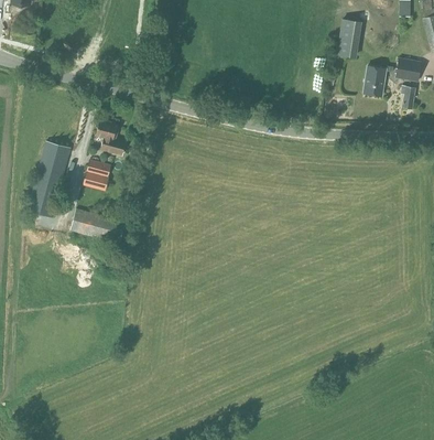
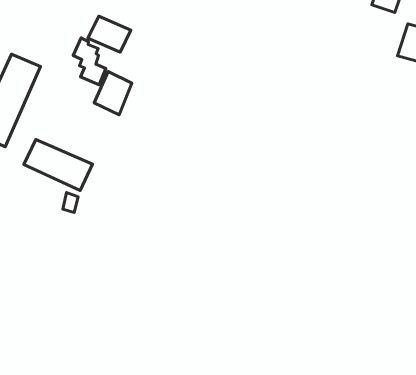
building: none -> [88,16,131,52]
building: [83,158,111,192] -> [94,71,132,115]

